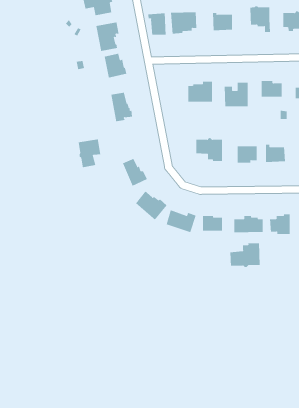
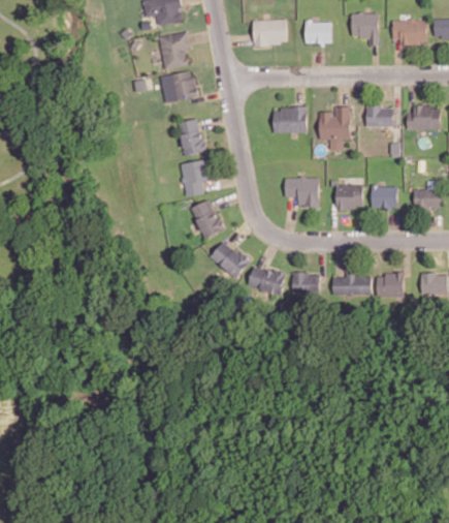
building: [148,12,166,36] -> none
building: [78,139,101,168] -> [181,160,210,196]
building: [230,242,260,268] -> none

